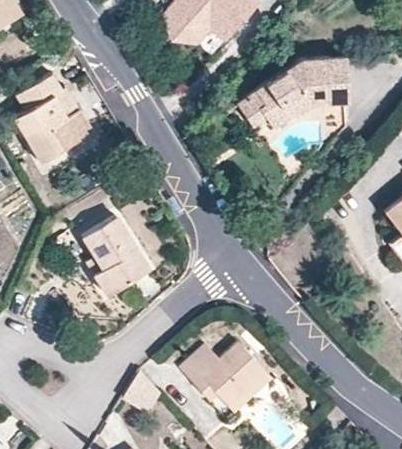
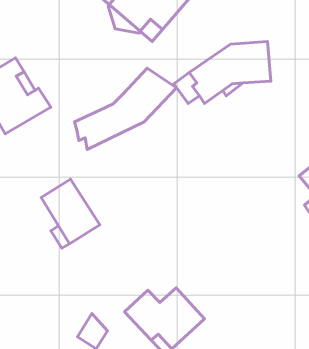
building: none -> [75,68,177,149]

